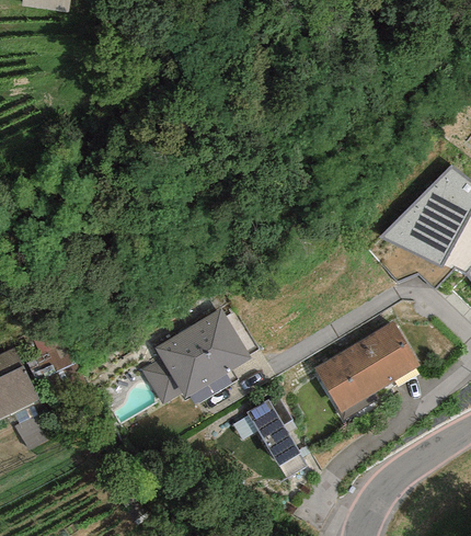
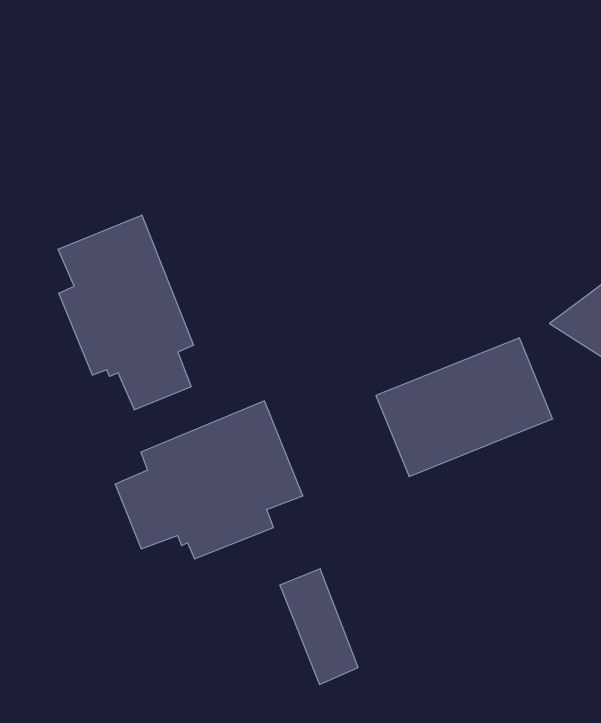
building: none -> [58,215,194,410]
building: [314,322,418,412] -> [376,338,553,477]

